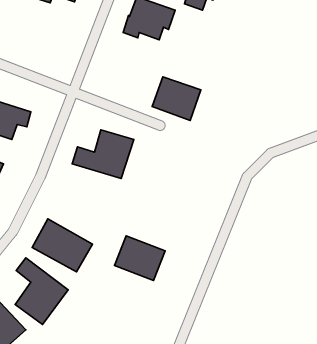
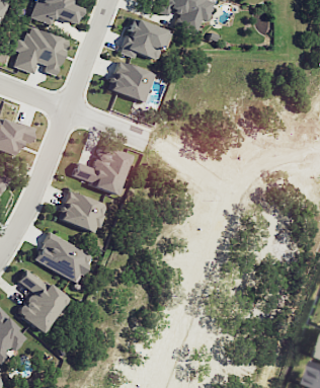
building: none -> [13,27,66,75]
building: [152,77,201,120] -> [106,61,153,102]
building: [114,236,165,280] -> [57,190,105,233]

